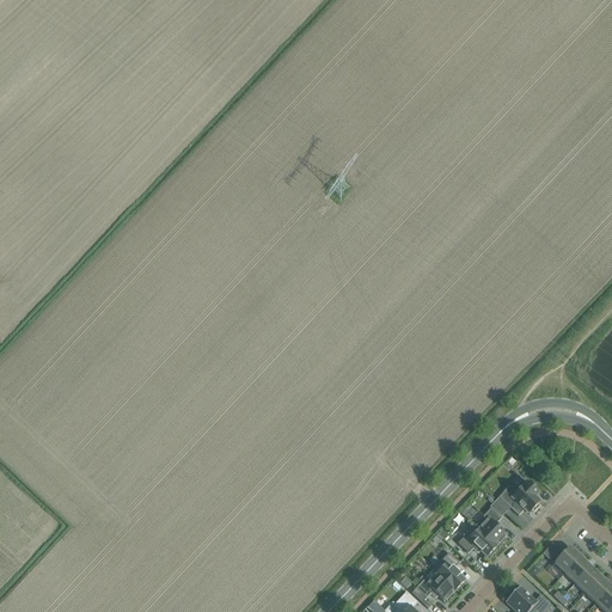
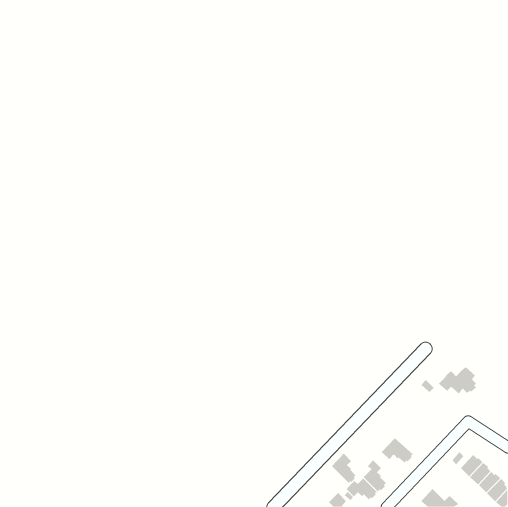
building: [494,482,540,515] -> [438,367,477,394]
building: [475,508,506,546] -> none
building: none -> [331,453,356,484]

